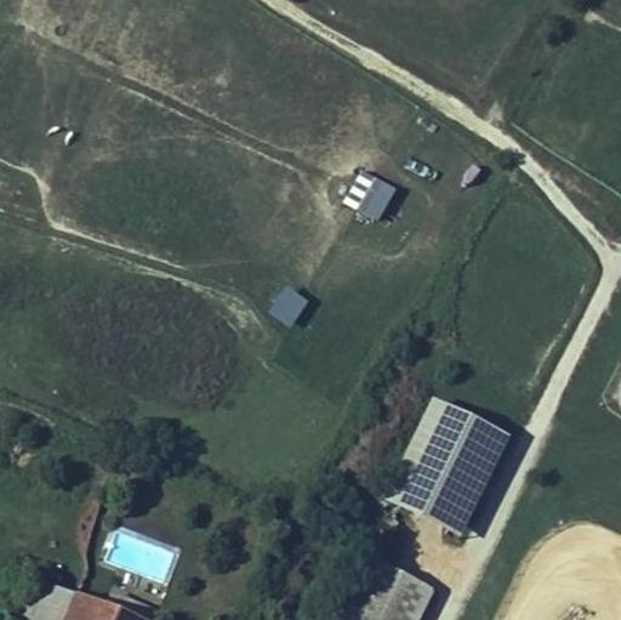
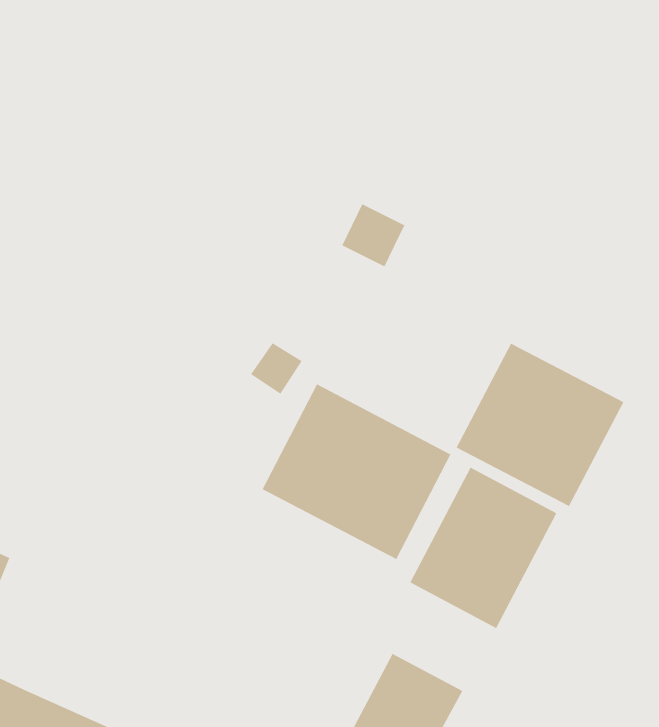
building: none -> [456,343,624,507]
building: none -> [262,384,451,560]

